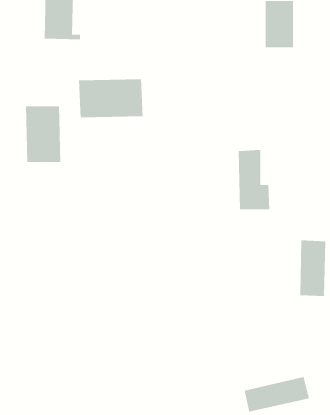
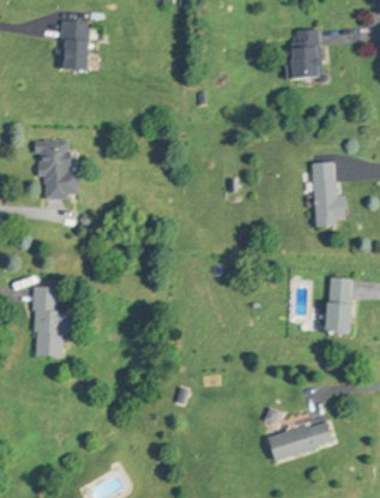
building: [79,79,143,118] -> none
building: [238,150,270,210] -> [313,162,346,224]
building: none -> [32,283,72,353]

